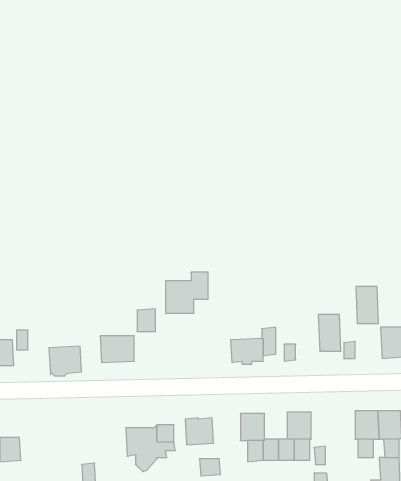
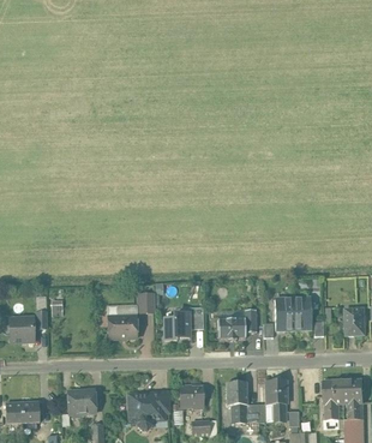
building: [166,272,208,313] -> [167,305,203,340]
building: [356,287,379,323] -> [275,298,294,329]
building: [49,346,82,376] -> [68,390,96,415]

